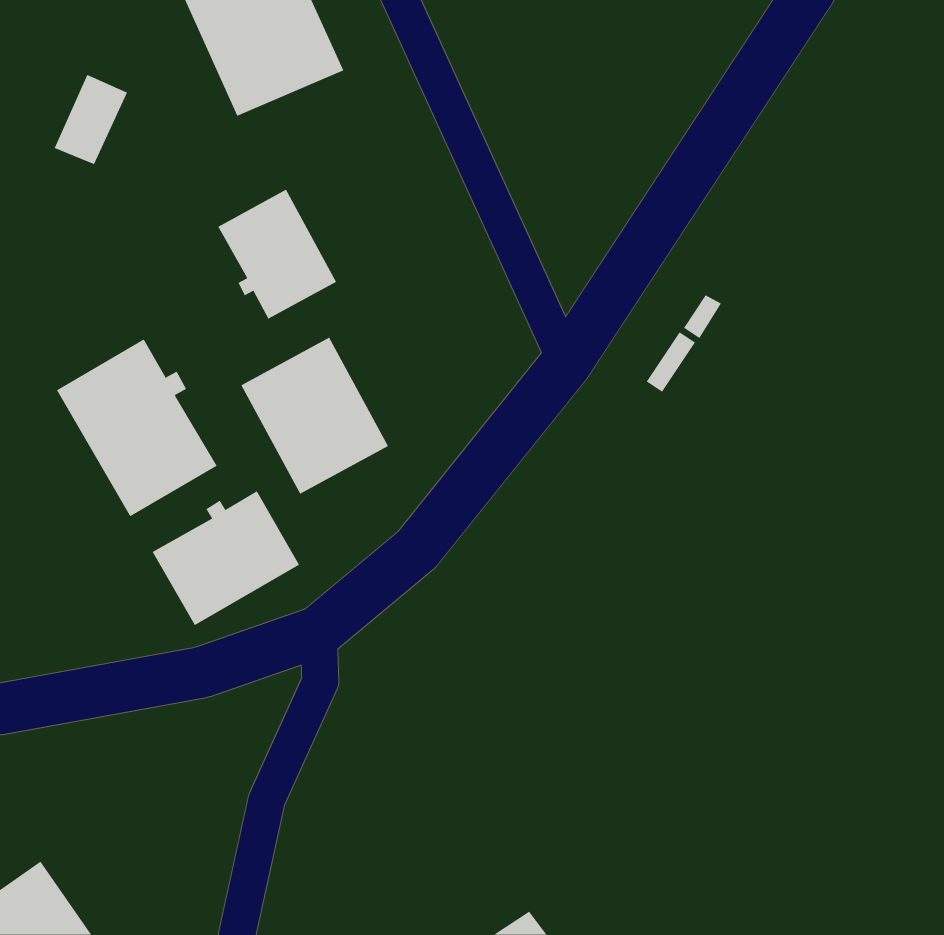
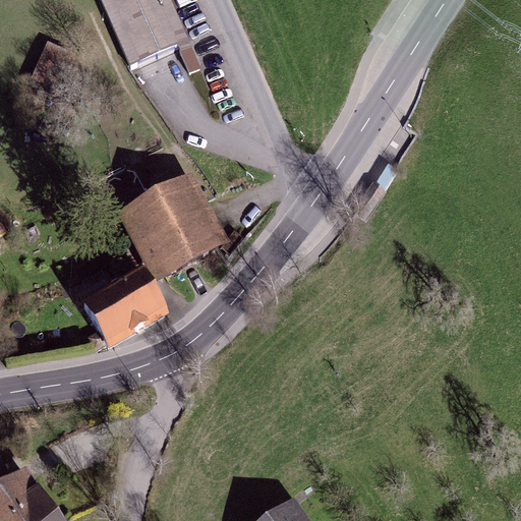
building: [218,189,337,320] -> none
building: [56,339,218,517] -> none

